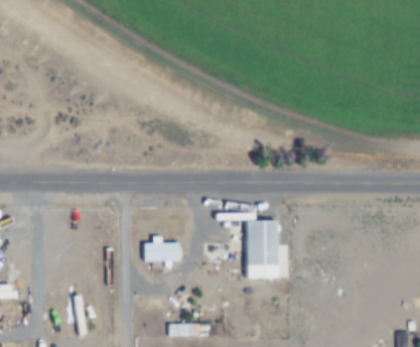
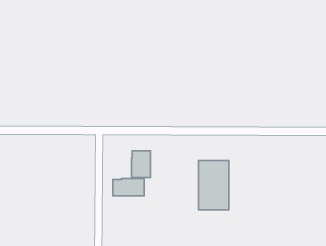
building: none -> [131,151,151,178]

